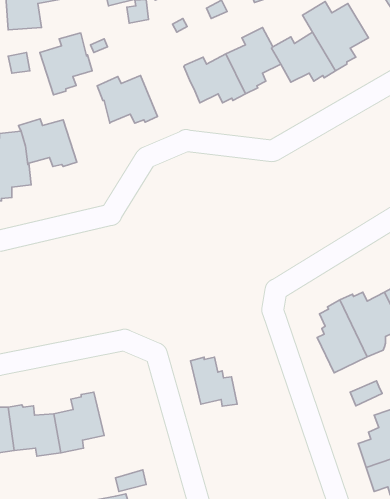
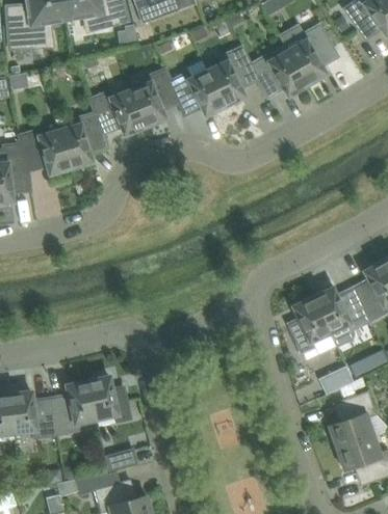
building: [40,33,92,95] -> [59,113,107,169]
building: none -> [130,70,179,128]
building: [190,357,237,406] -> [87,376,130,421]

